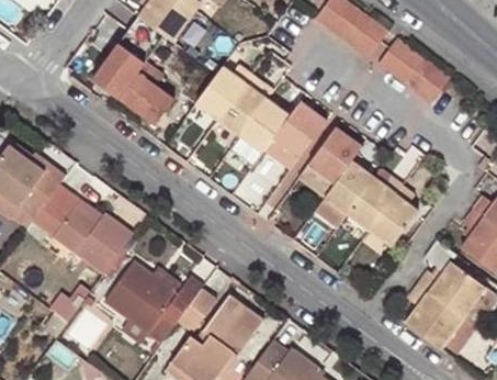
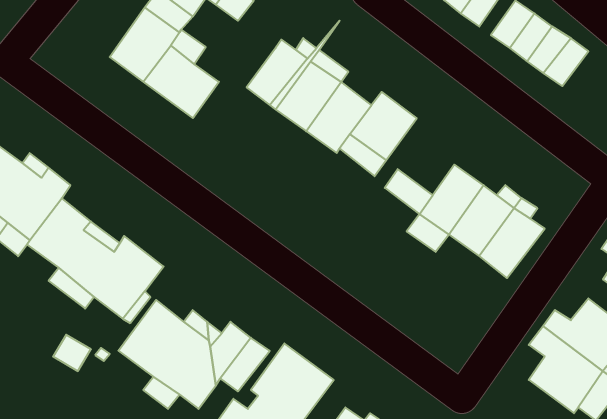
building: [310,131,360,182] -> none

